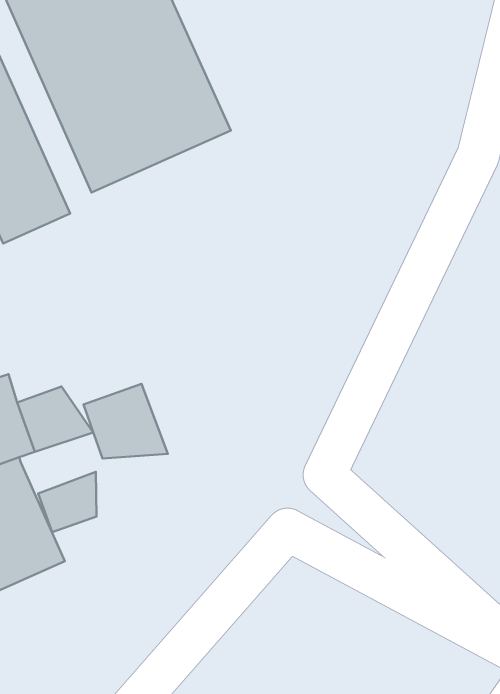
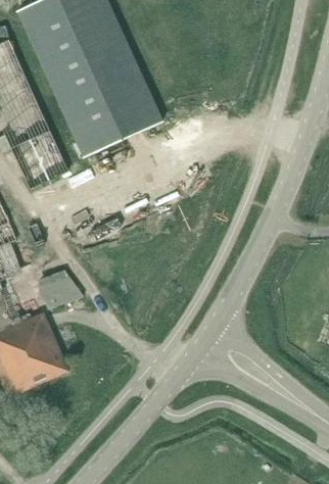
building: [83,384,168,458] -> none
building: [38,472,96,532] -> none

